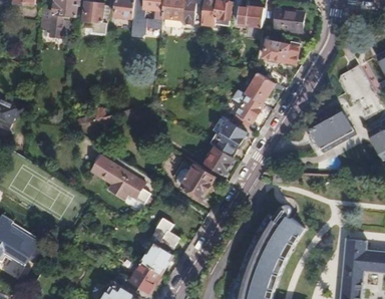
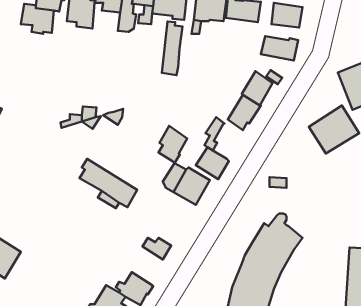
building: none -> [162,21,183,75]
building: [219,121,246,157] -> [158,126,187,163]
building: [142,237,174,273] -> none

